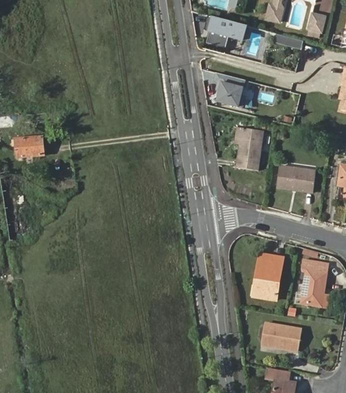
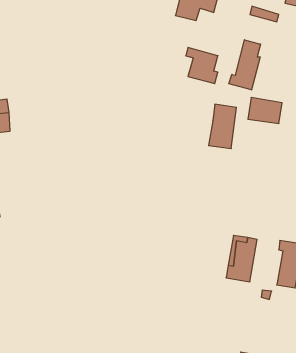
building: none -> [229,40,261,90]
building: [276,165,309,190] -> [248,98,282,123]
building: [262,322,303,350] -> none

